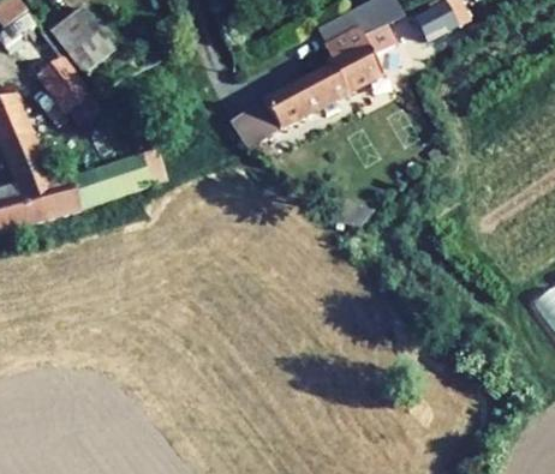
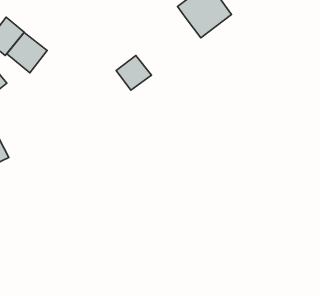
building: none -> [7,32,47,73]
building: [262,65,344,127] -> none

